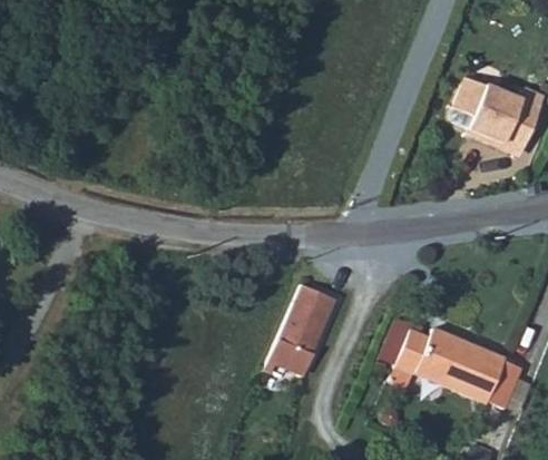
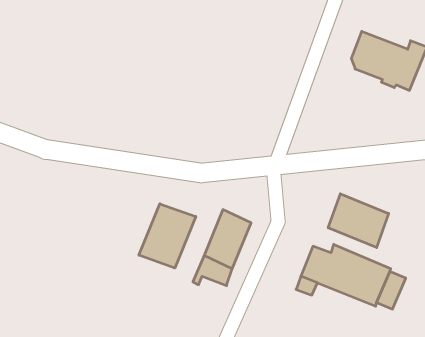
building: none -> [328,194,389,248]
building: none -> [139,204,196,268]

